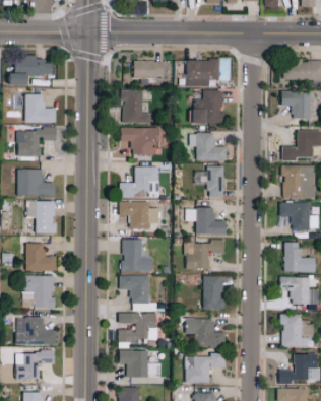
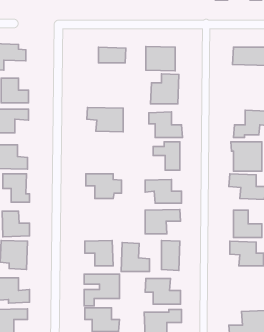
building: [122,89,151,123] -> none
building: [282,91,312,118] -> none
building: [122,165,159,196] -> none
building: [122,239,153,271] -> [121,242,149,272]
building: [280,314,314,347] -> none

